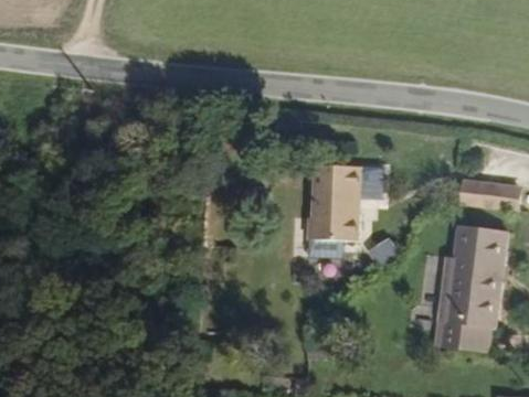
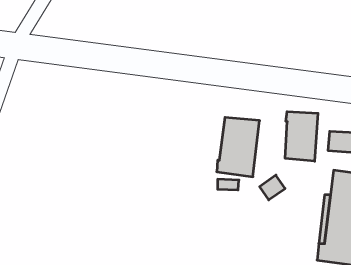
building: none -> [285,112,318,161]

